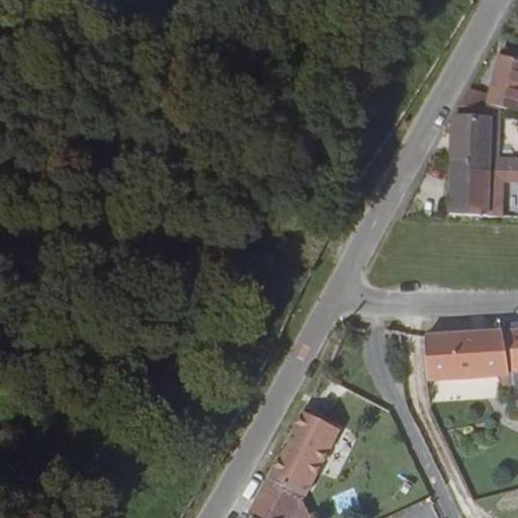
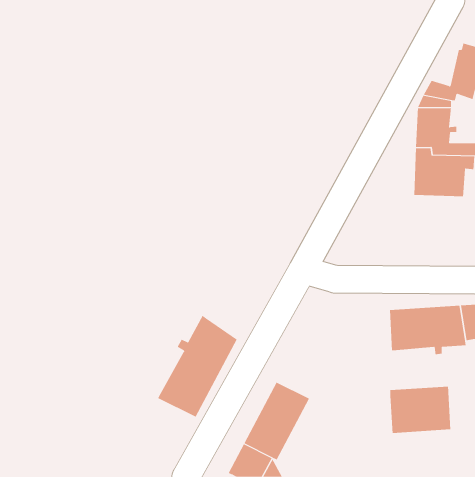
building: none -> [157,315,238,418]
building: none -> [390,386,451,434]

